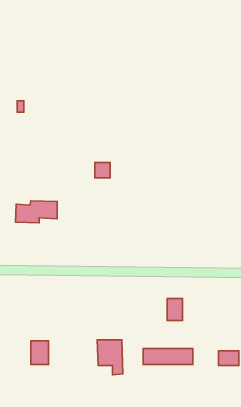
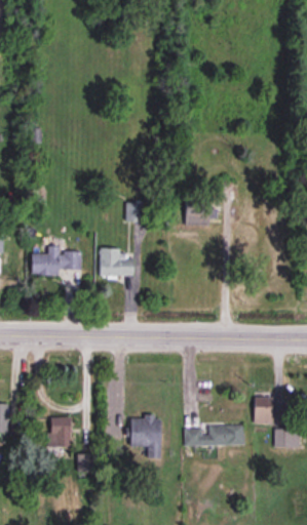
building: none -> [185,200,209,227]
building: none -> [100,249,133,277]
building: [167,298,183,321] -> [255,398,273,425]

